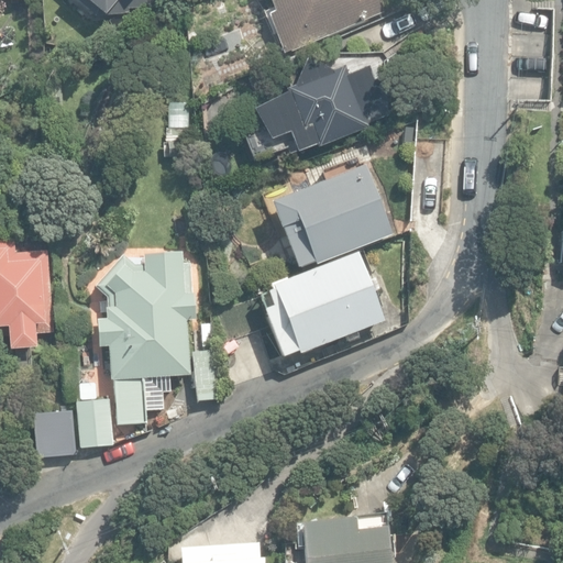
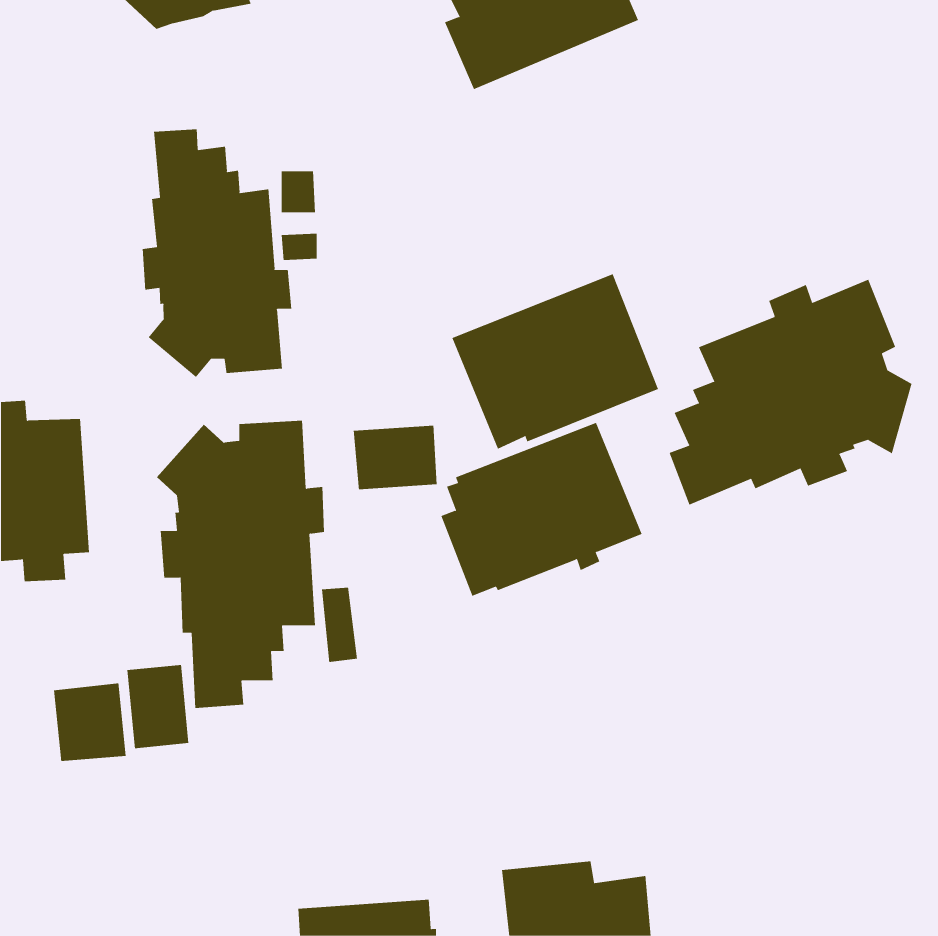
building: [254,58,391,153] -> none
building: none -> [142,128,292,378]
building: none -> [669,279,912,506]
building: none -> [353,425,437,490]

